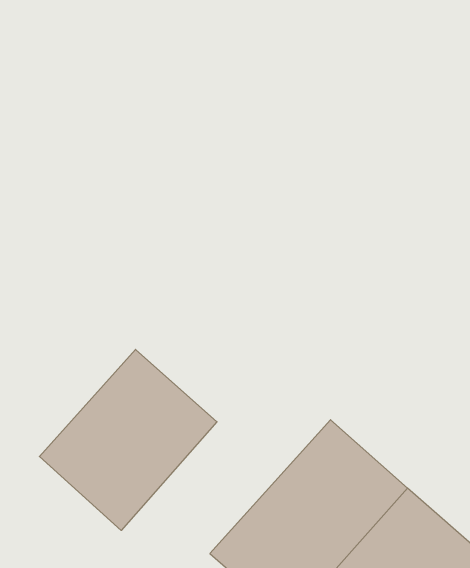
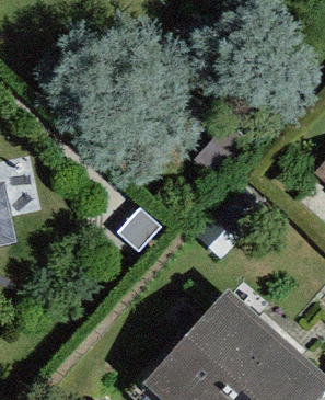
building: [39,349,217,530] -> none

